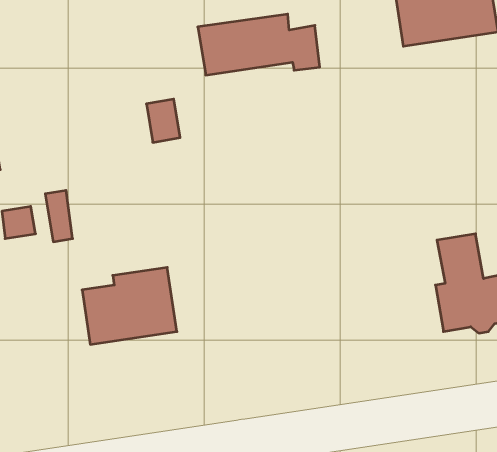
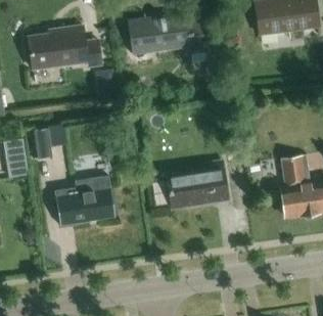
building: none -> [29,27,102,70]
building: none -> [167,162,228,209]

